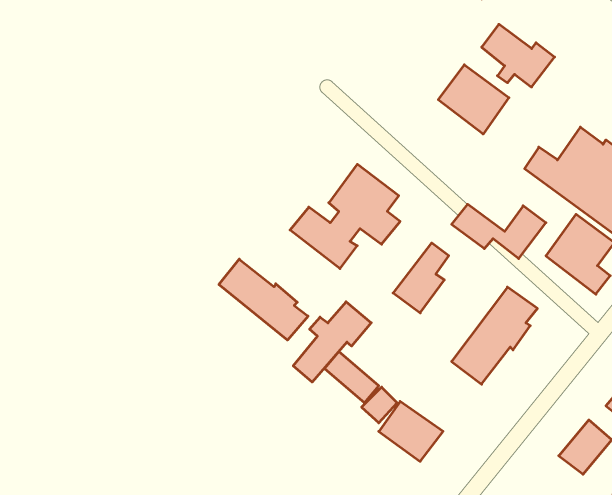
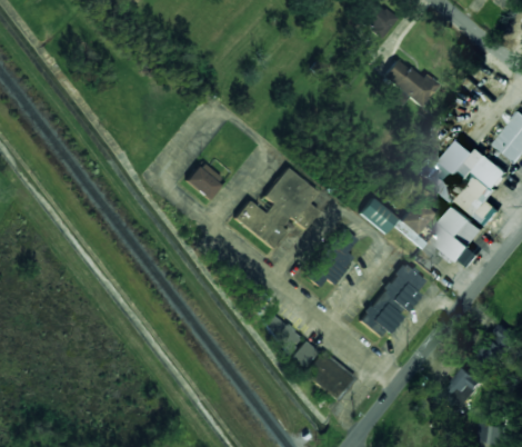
building: [438,65,509,134] -> none
building: none -> [185,161,223,199]
building: [219,259,308,340] -> none
building: [293,302,371,382] -> none

